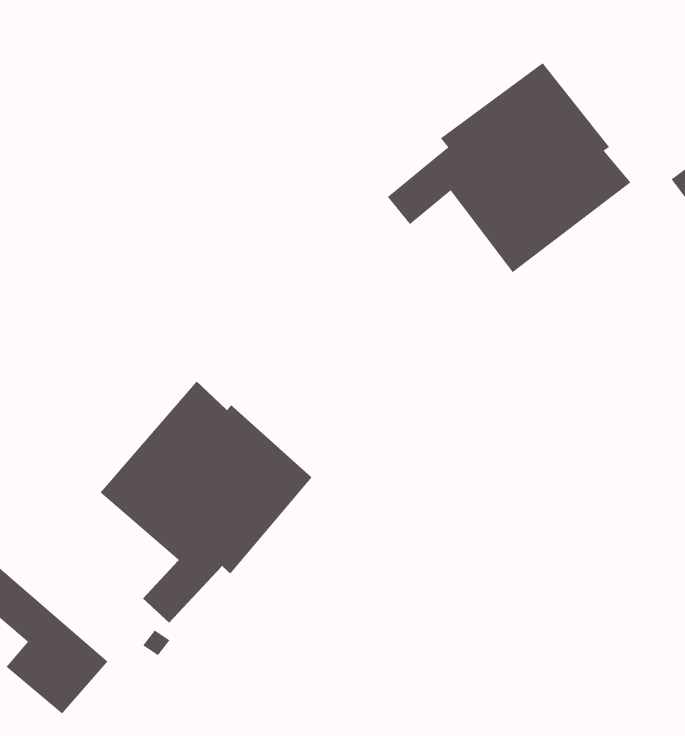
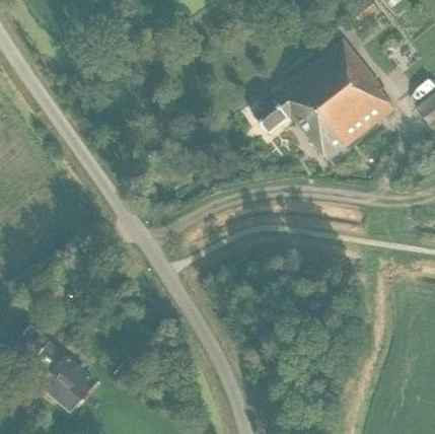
building: [100,380,312,624] -> none

